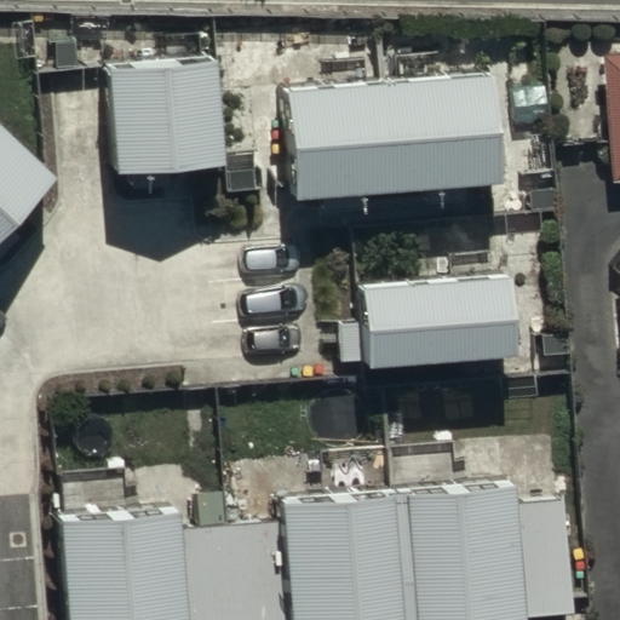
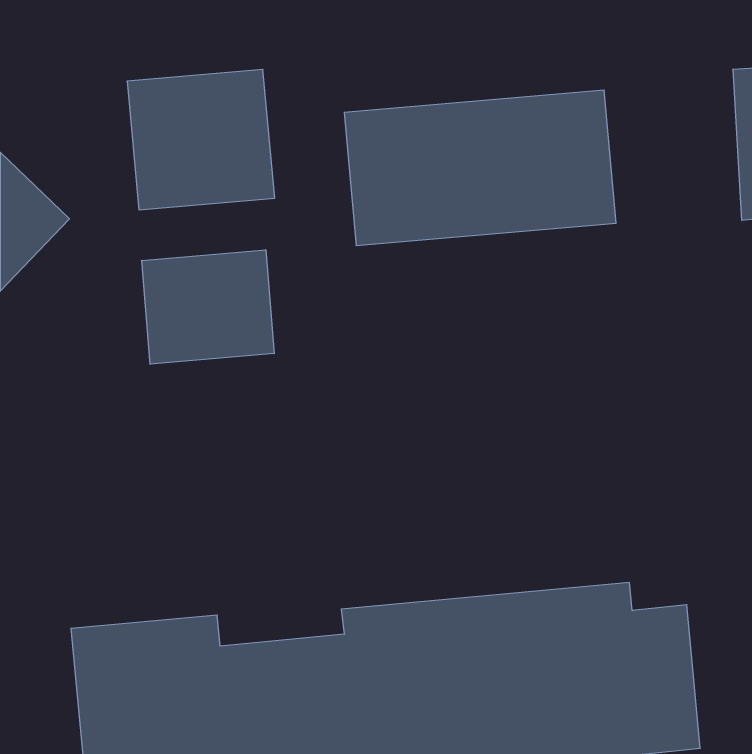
building: none -> [142,250,274,364]
building: [361,276,517,369] -> none

